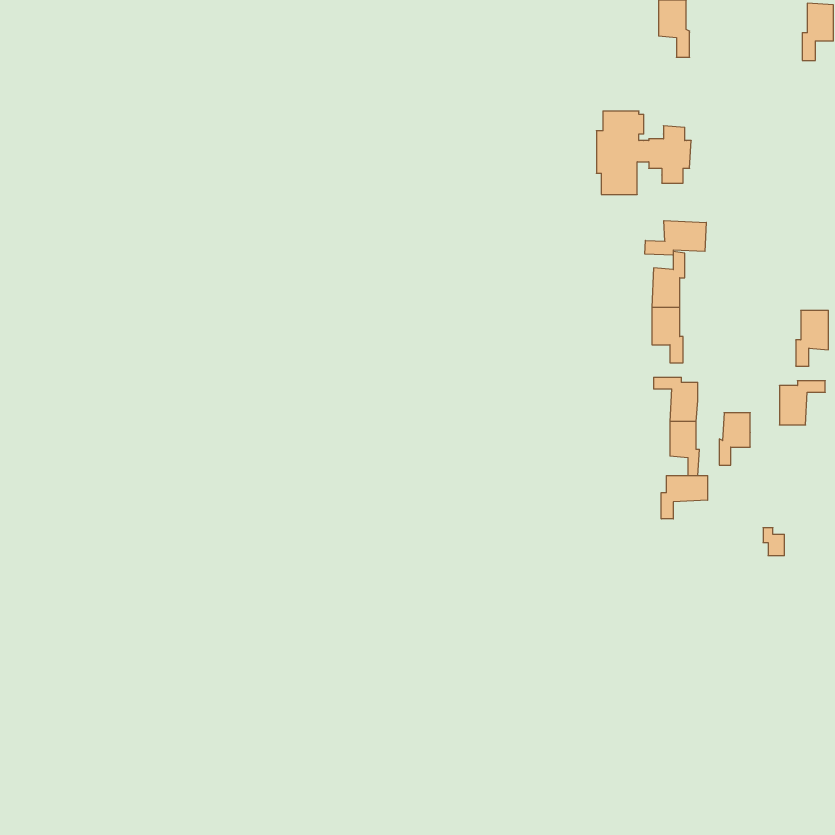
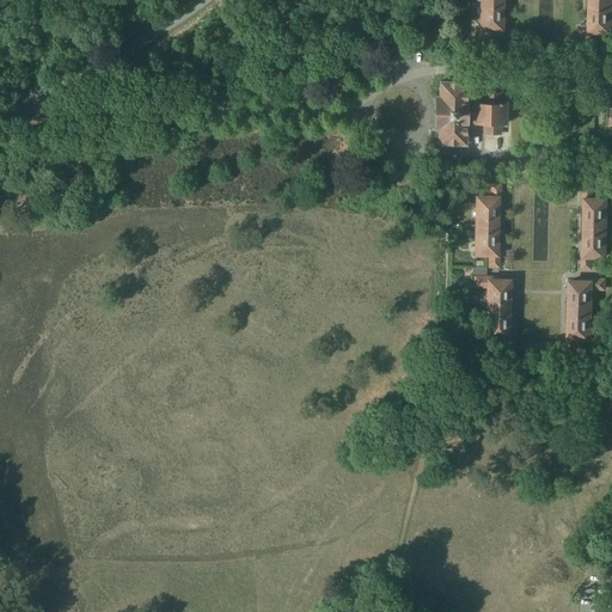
building: [645,221,706,255] -> none
building: none -> [583,186,606,227]
building: [719,413,750,465] -> [567,311,589,349]
building: [661,476,708,519] -> none

